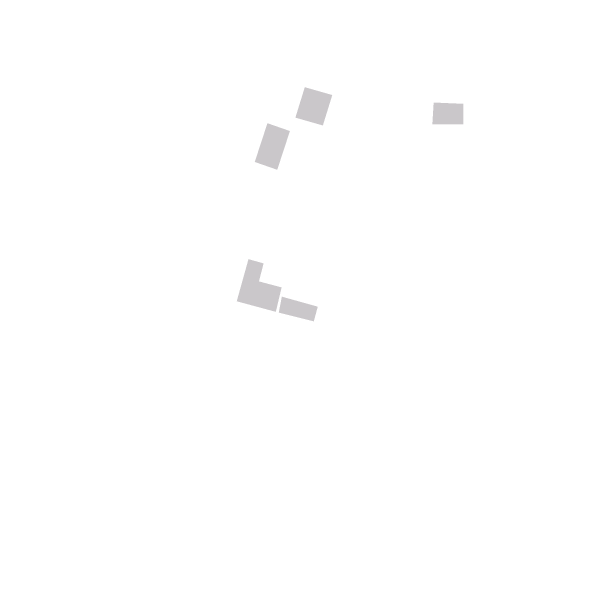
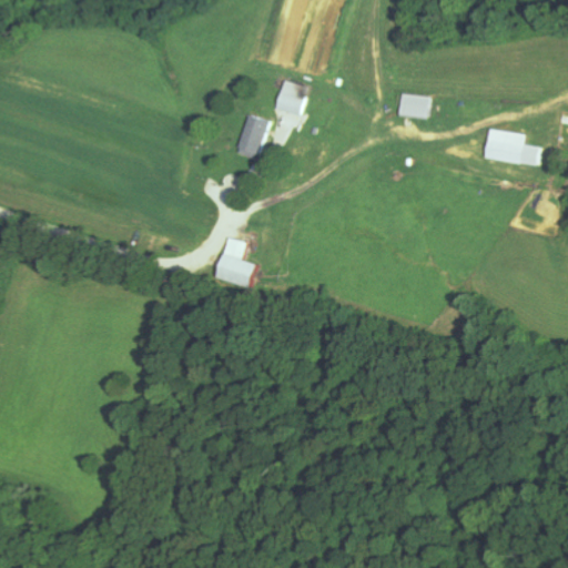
building: none -> [481,129,539,166]
building: [278,296,319,322] -> none

